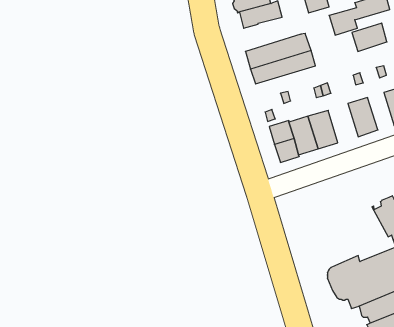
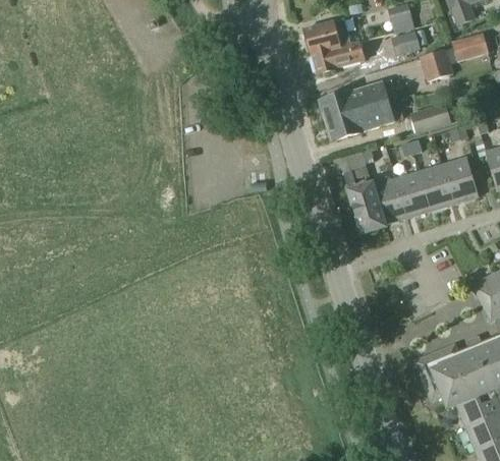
building: [352,23,387,51] -> [409,101,451,134]
building: none -> [419,163,454,210]

